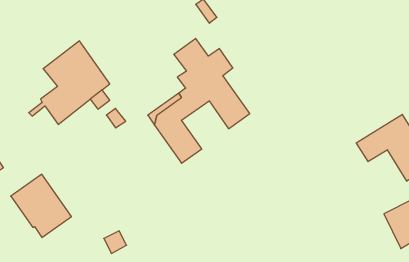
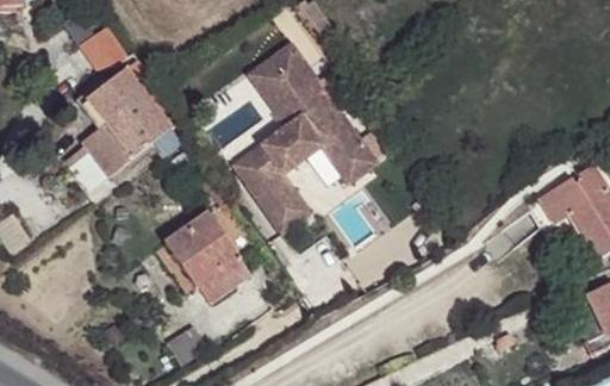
building: none -> [80,25,126,67]
building: none -> [248,44,300,111]
building: [11,174,71,238] -> [163,212,249,301]

